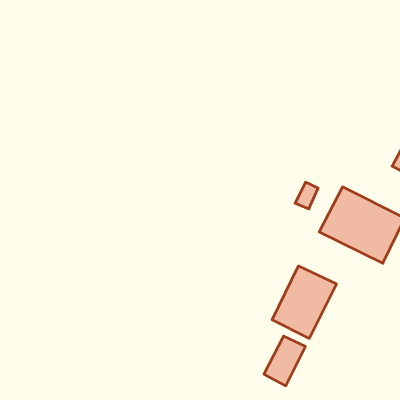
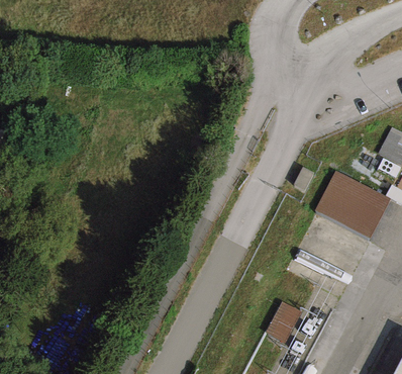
building: [272,266,336,338] -> none

